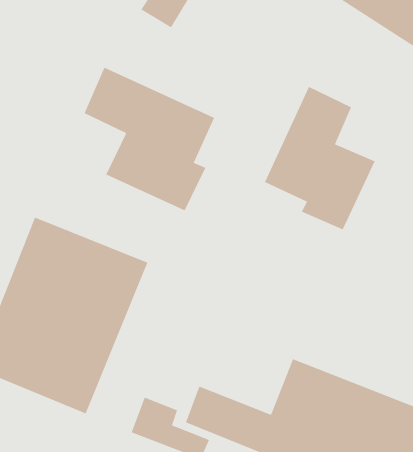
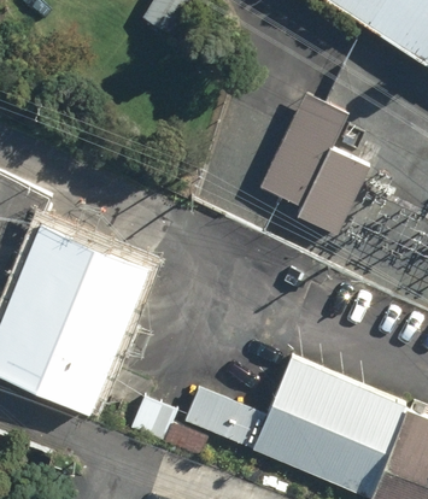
building: [84,67,215,211] -> none

